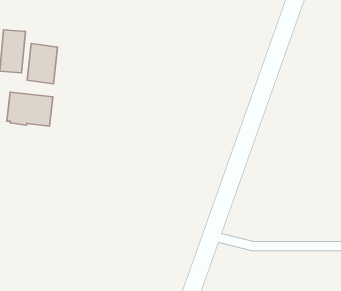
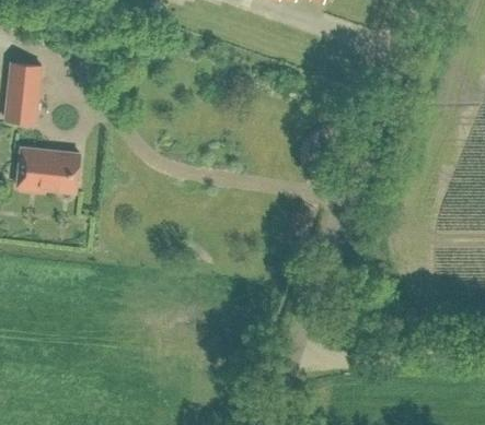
building: [27,44,58,84] -> none

